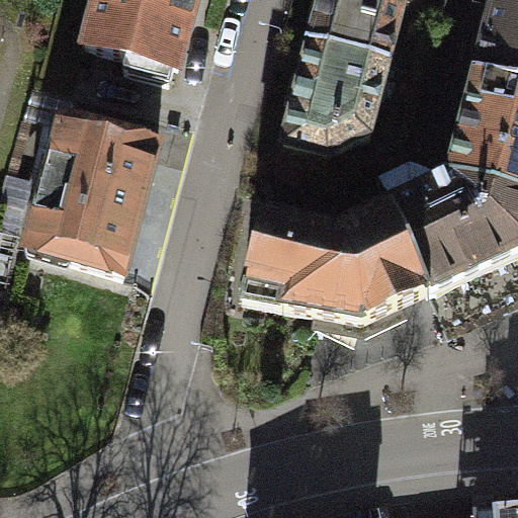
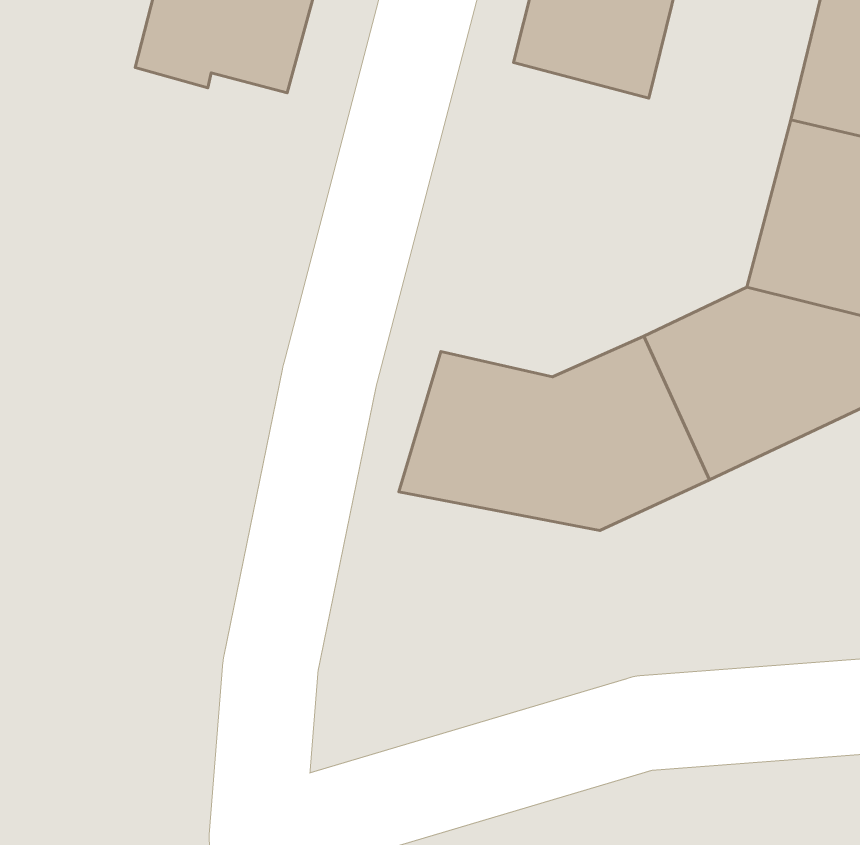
building: [282,37,391,151] -> none
building: [23,121,149,265] -> none

